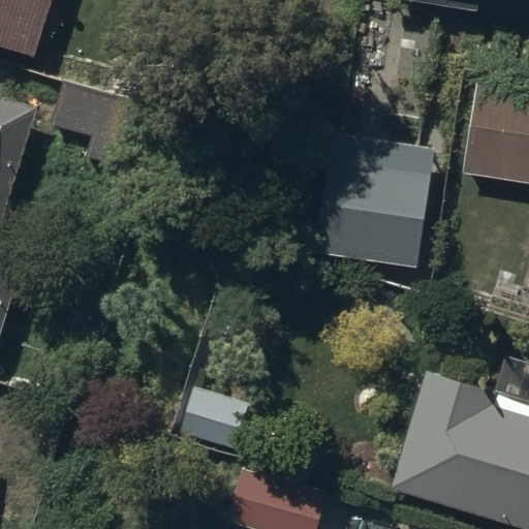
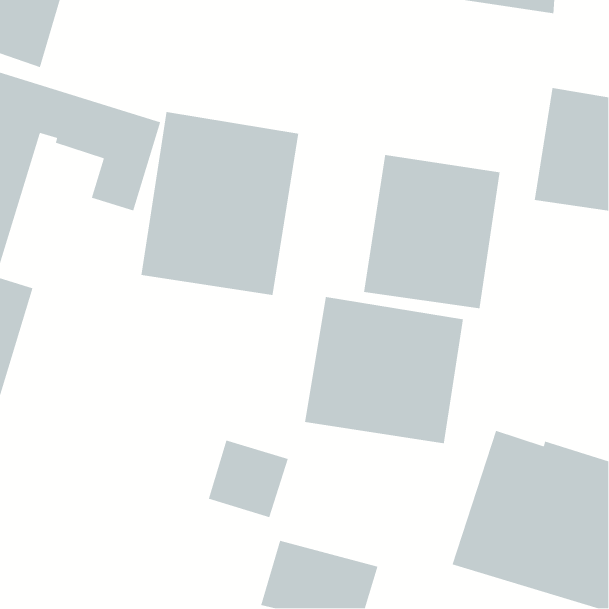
building: none -> [141,111,299,296]
building: none -> [304,296,464,444]

